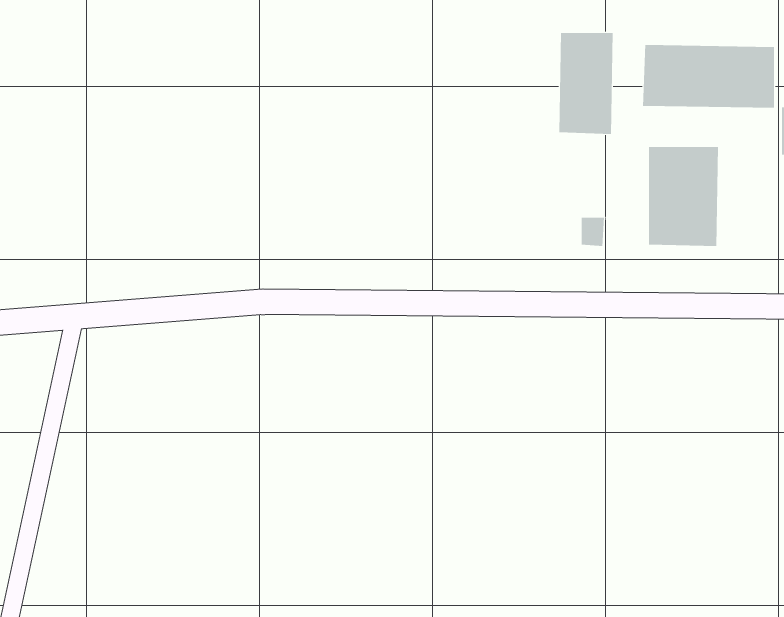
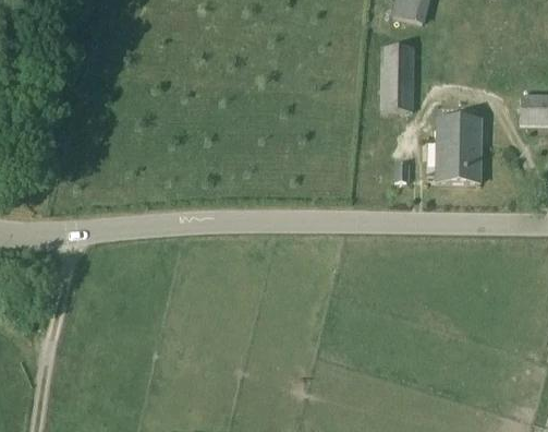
building: [642,44,774,109] -> none

